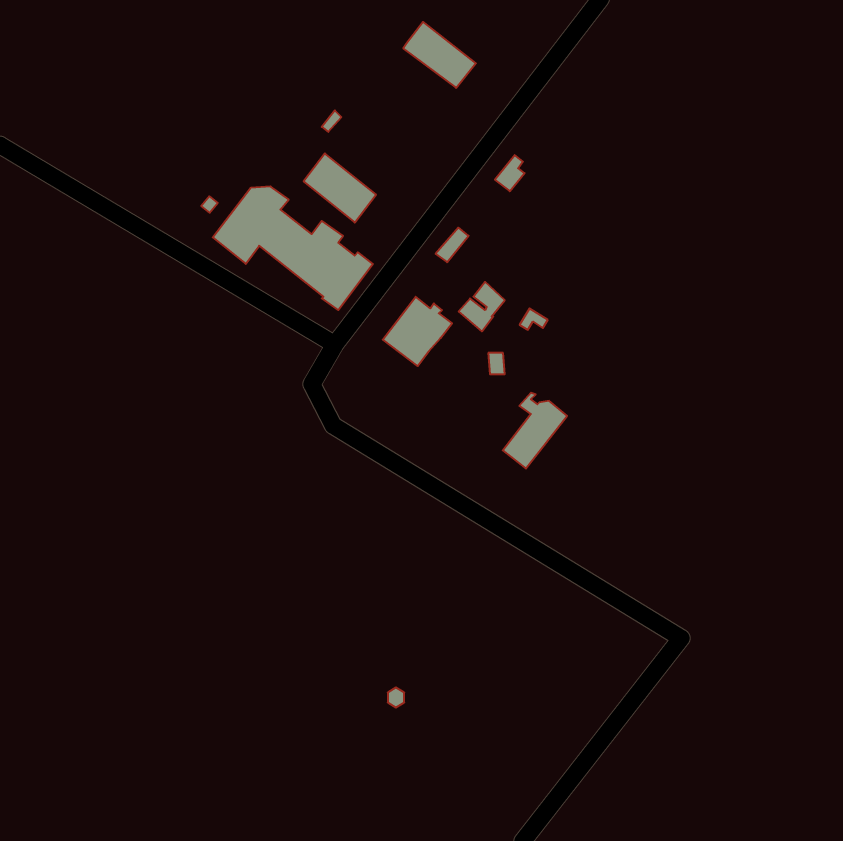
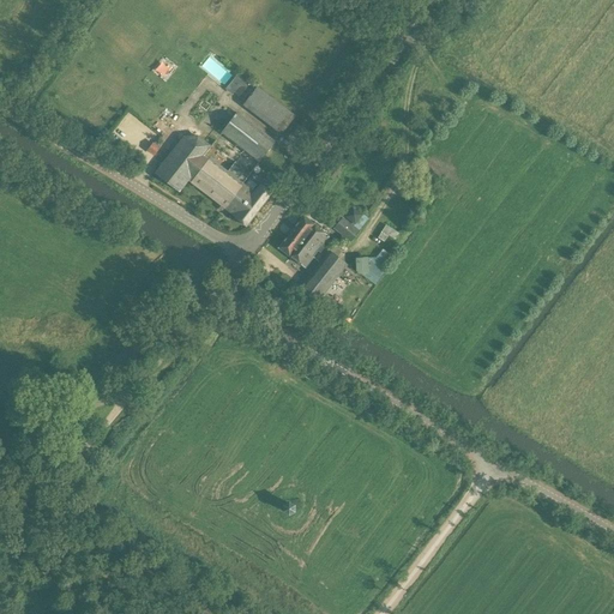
building: [403,22,476,88] -> [242,85,295,133]
building: [503,393,567,469] -> [300,246,347,301]

